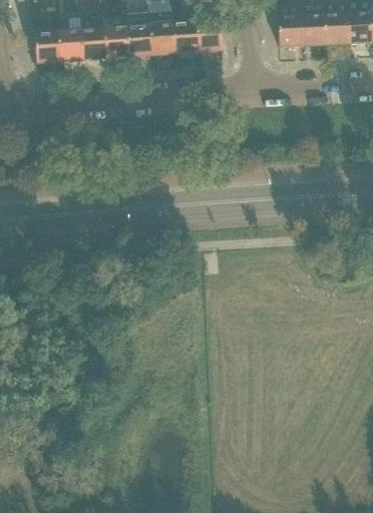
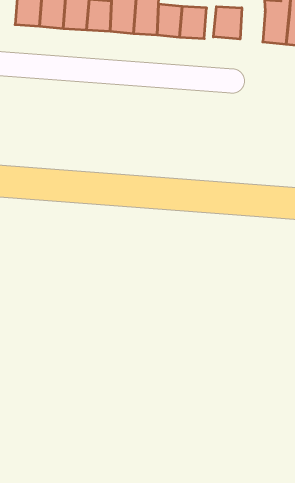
building: none -> [213,7,242,39]

